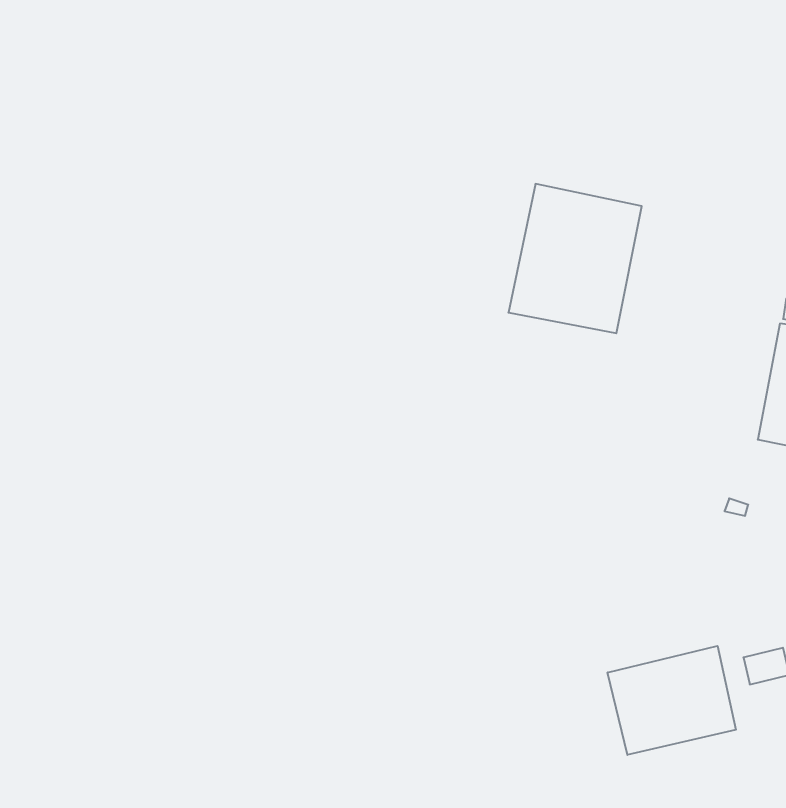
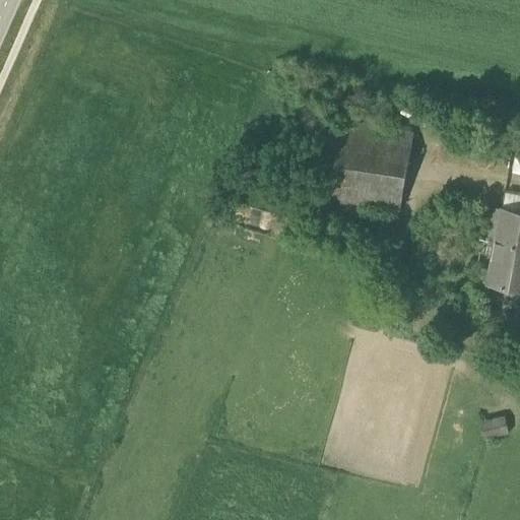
building: [608,646,736,755] -> none

